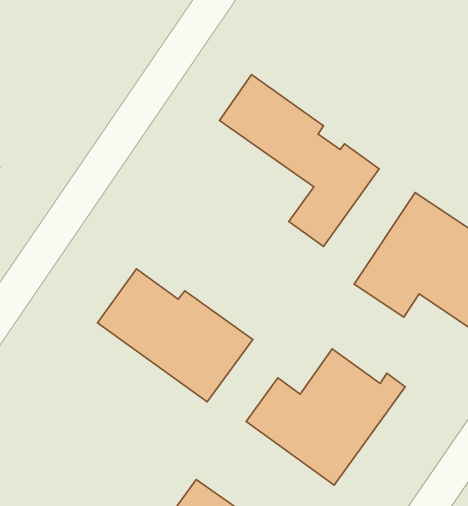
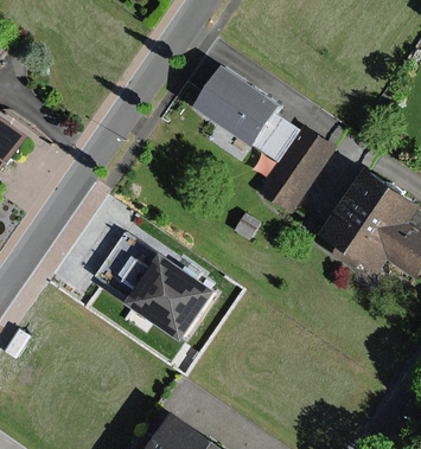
building: [246,349,405,485] -> none

